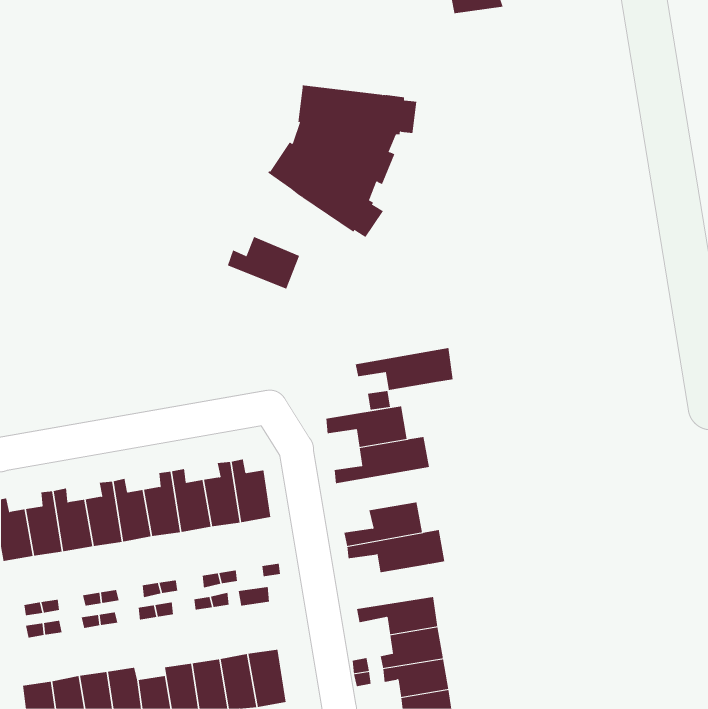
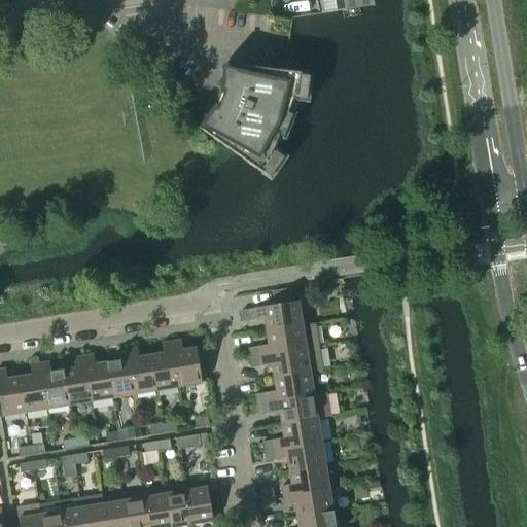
building: [227,236,300,290] -> none
building: [355,348,453,391] -> [250,346,323,378]
building: none -> [265,418,323,451]

